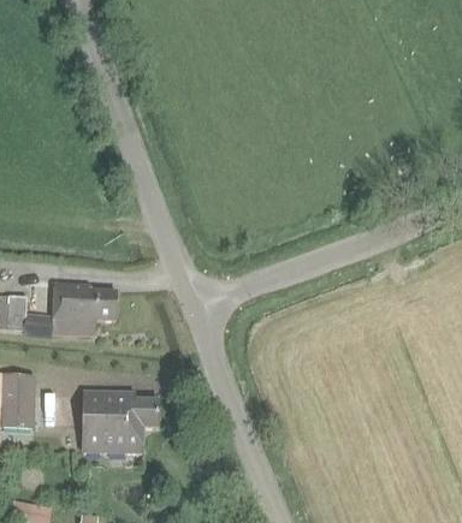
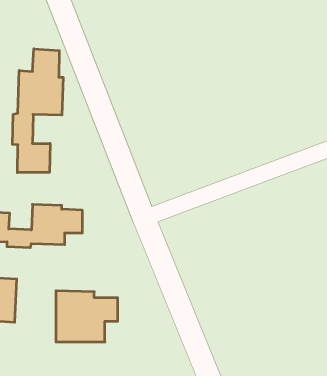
building: none -> [12,49,63,173]

